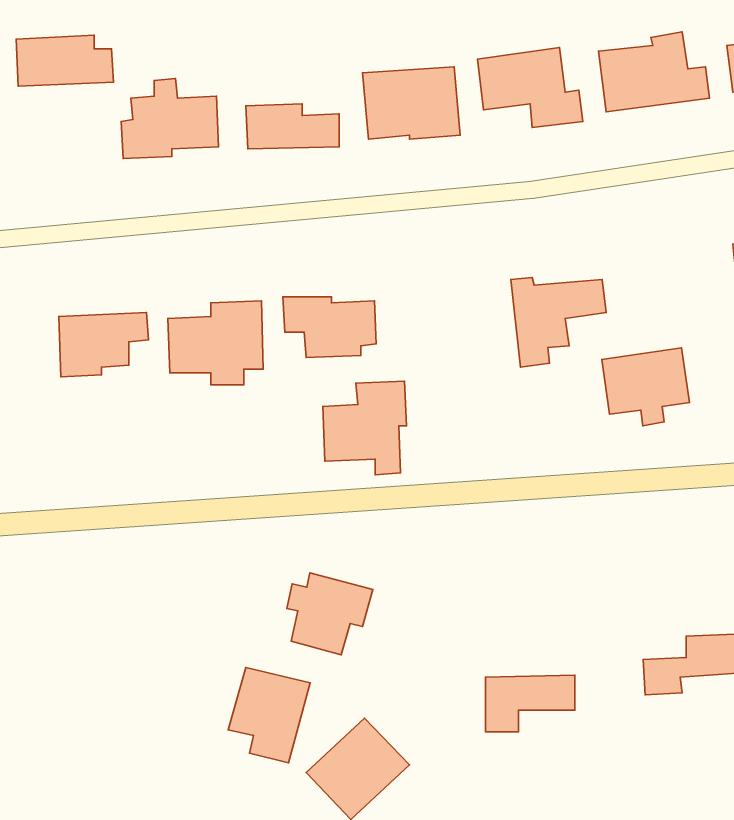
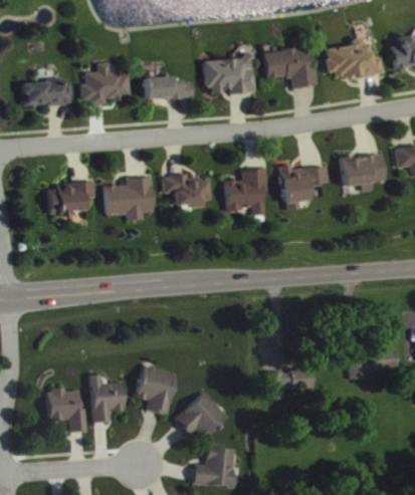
building: [16,35,114,86] -> [21,79,71,105]
building: [602,348,689,426] -> [341,152,386,192]
building: [323,381,406,475] -> [225,168,268,216]
building: [287,573,373,655] -> none
building: none -> [90,375,124,423]
building: none -> [47,387,86,432]

